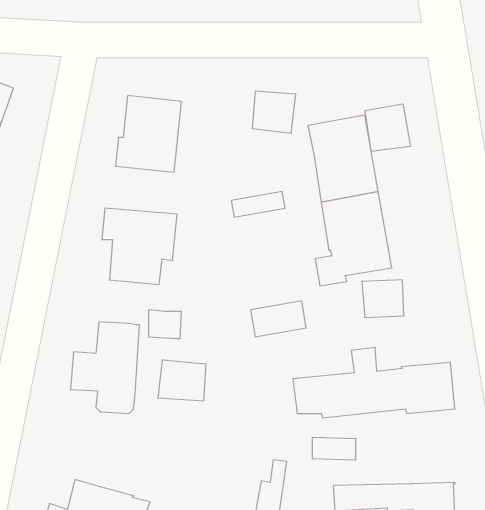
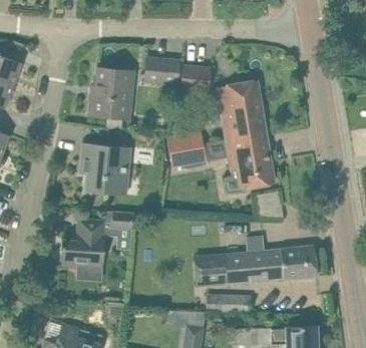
building: none -> [144,57,178,84]
building: [365,104,410,152] -> none
building: [251,301,306,337] -> [168,142,206,166]
building: [158,360,206,401] -> none

